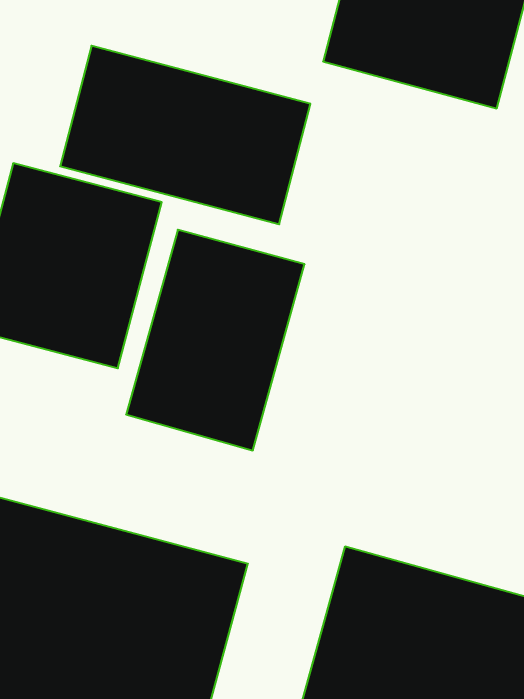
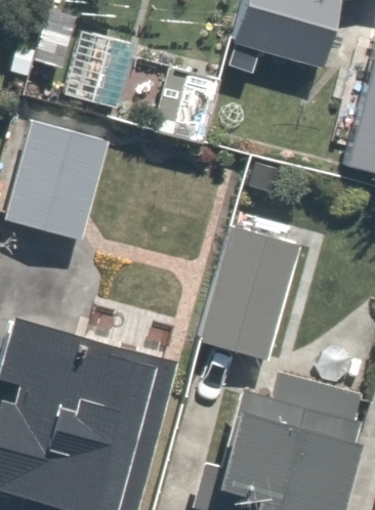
building: [126,230,305,450] -> [194,217,310,362]

